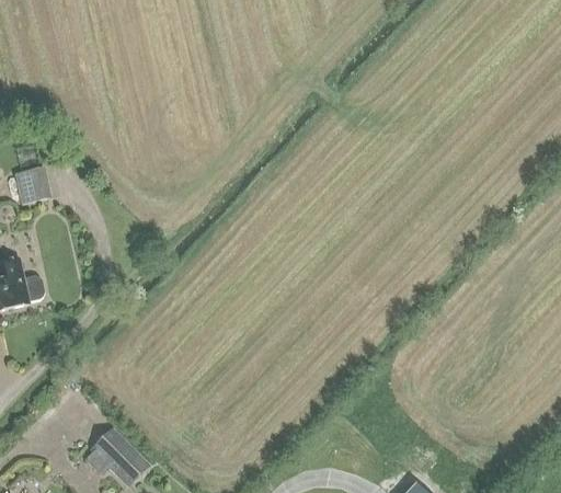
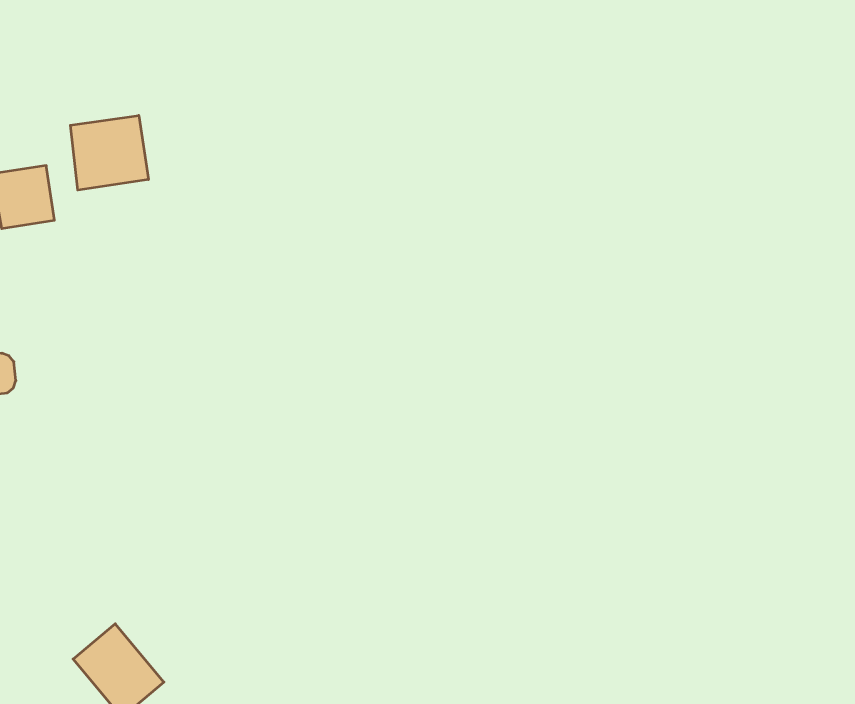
building: none -> [70,115,148,190]

